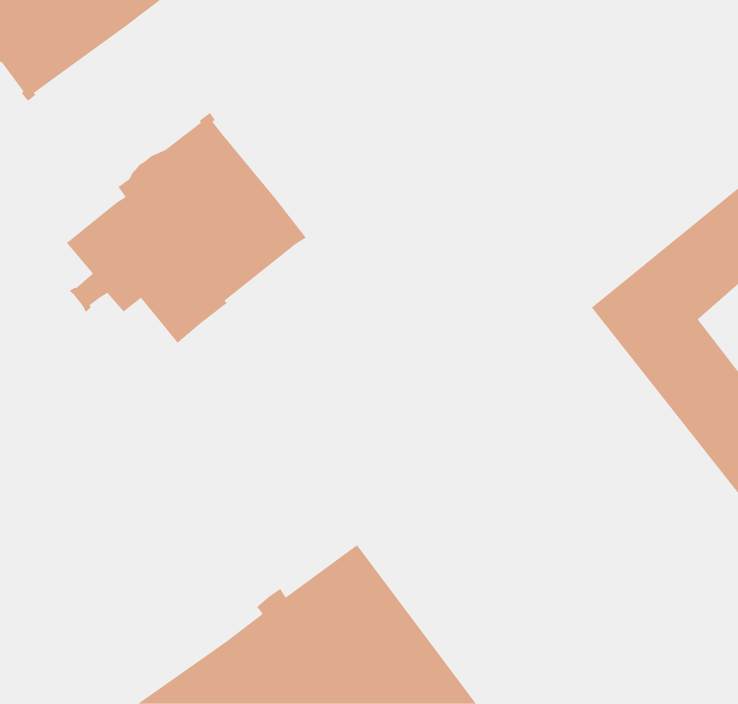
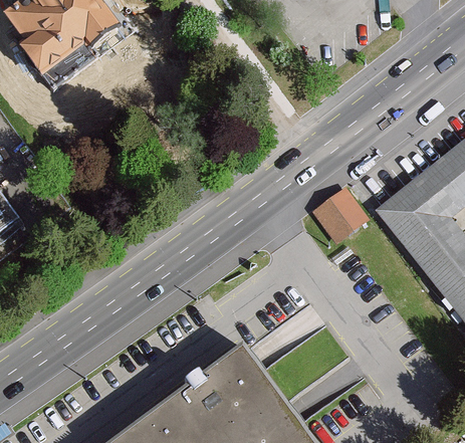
building: [66,112,307,344] -> none
building: none -> [315,190,365,240]

